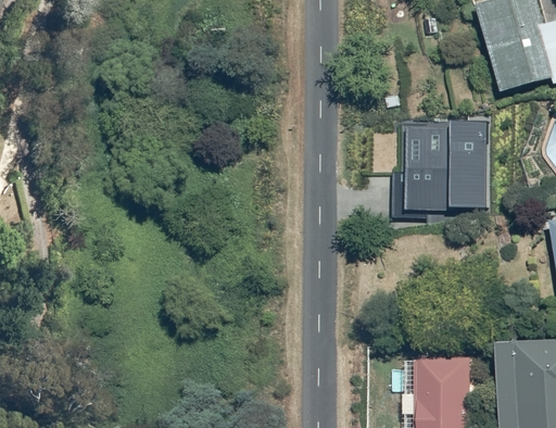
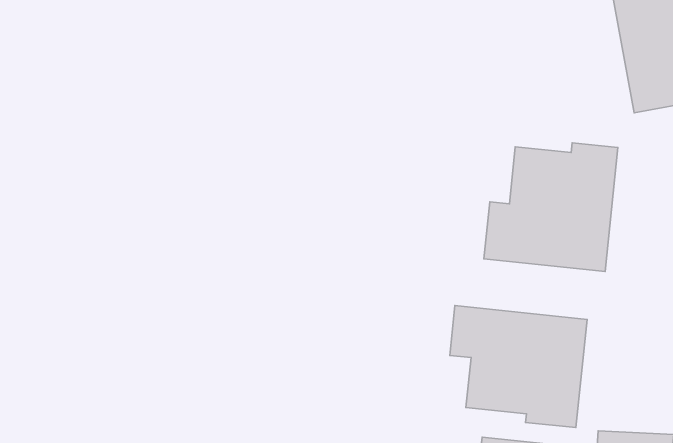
building: none -> [450,306,587,428]

